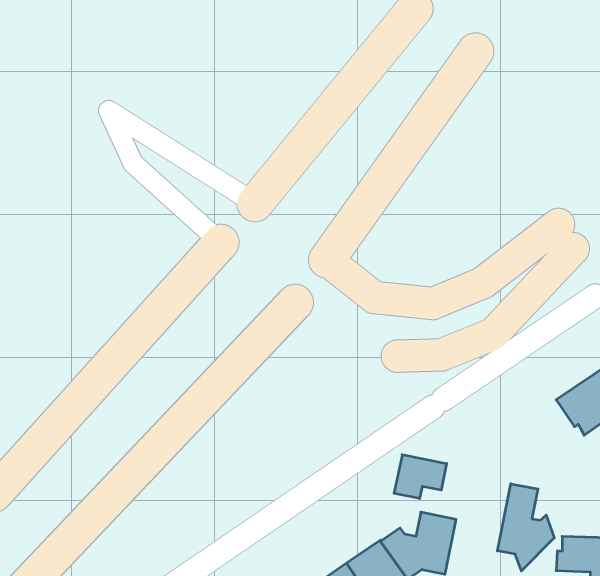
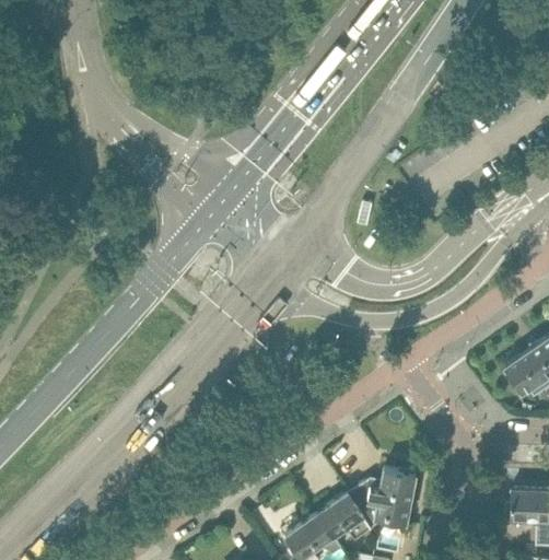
building: [394,455,447,499] -> none
building: [497,484,554,571] -> none

